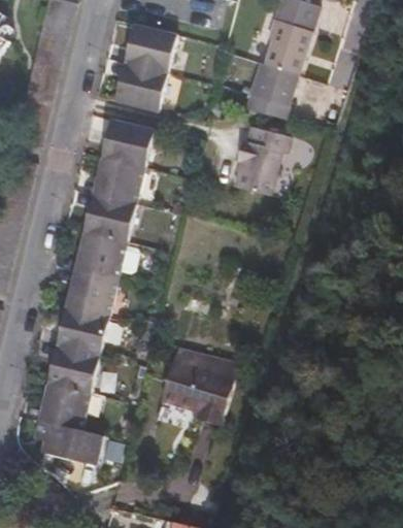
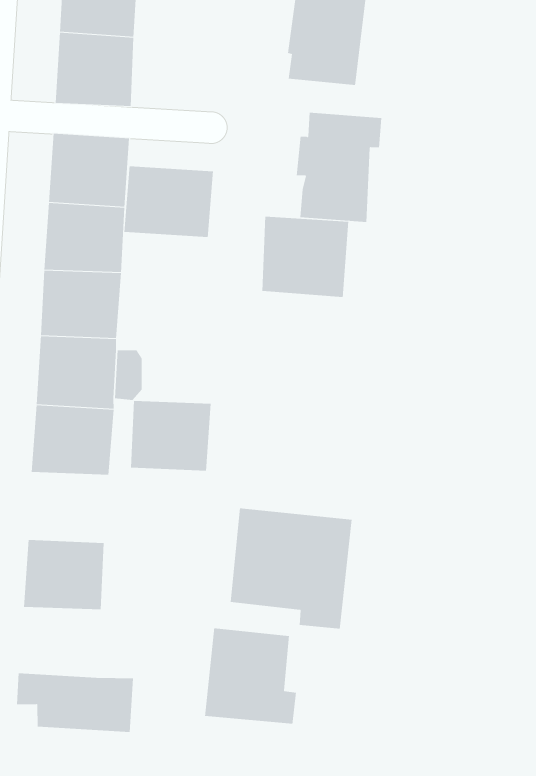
building: none -> [124,165,213,238]
building: none -> [262,216,349,298]
building: [56,306,107,353] -> [130,401,212,471]
building: [37,381,90,427] -> none
building: none -> [205,628,297,725]

